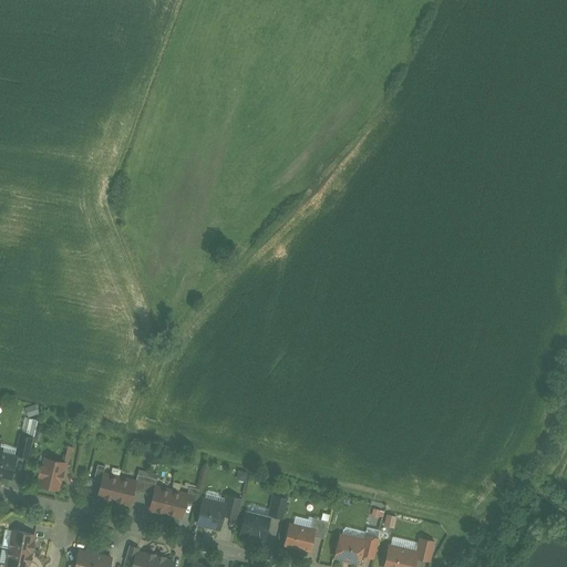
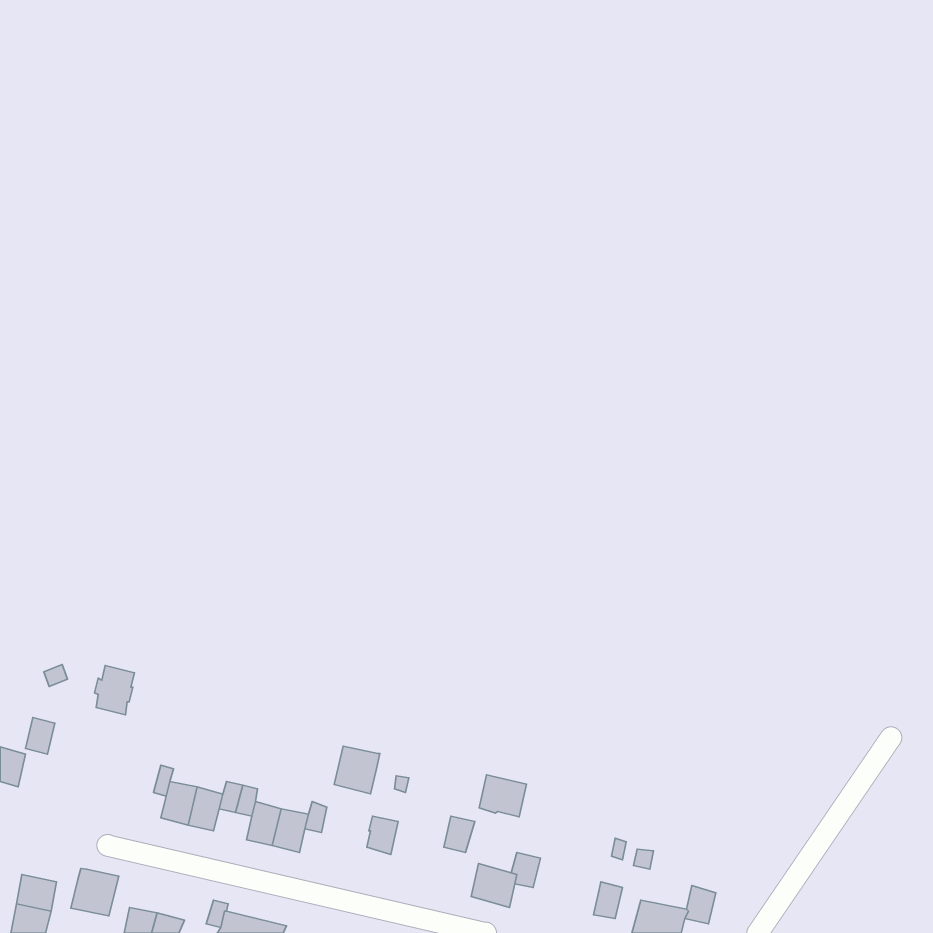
building: [39,458,63,488] -> [94,665,135,715]
building: [197,499,225,528] -> [334,746,380,794]
building: [240,513,269,538] -> [479,775,527,817]
building: none -> [71,868,119,916]
building: [334,535,363,561] -> none

